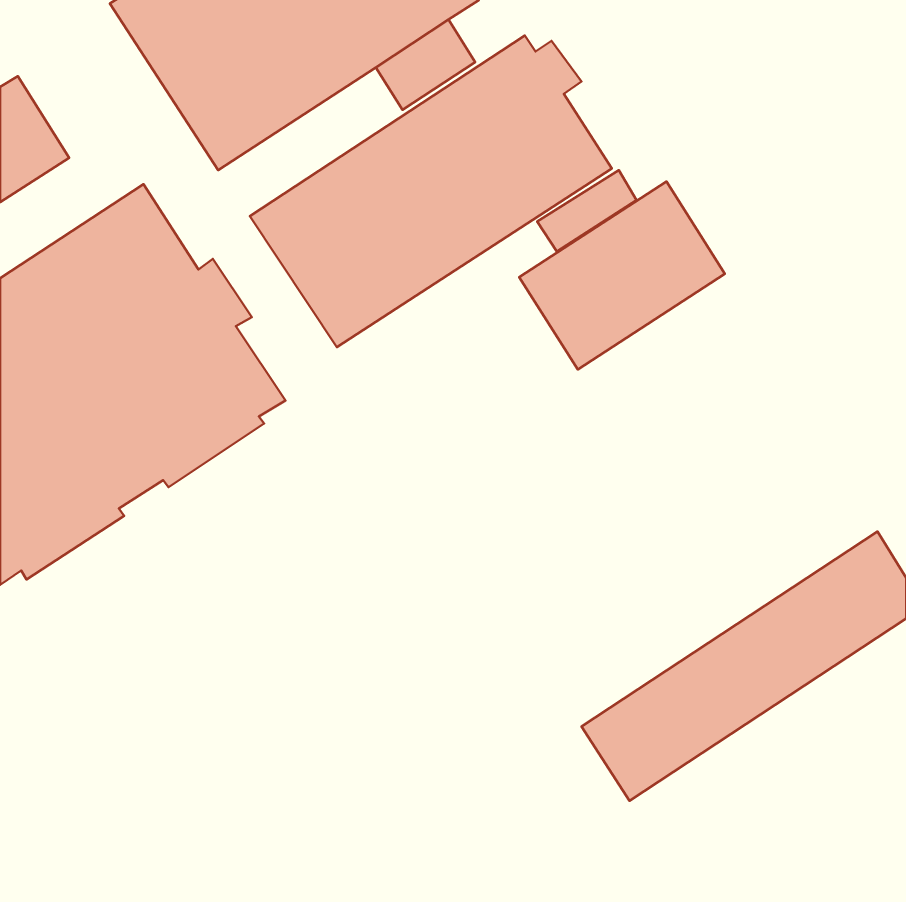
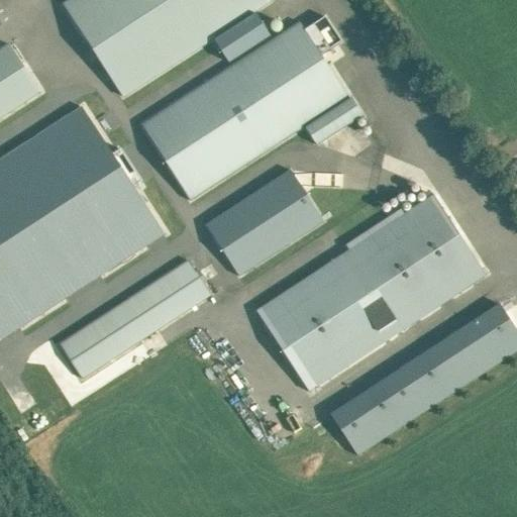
building: [519,182,725,369] -> [207,169,324,276]
building: none -> [257,195,486,390]
building: none -> [59,258,217,379]

